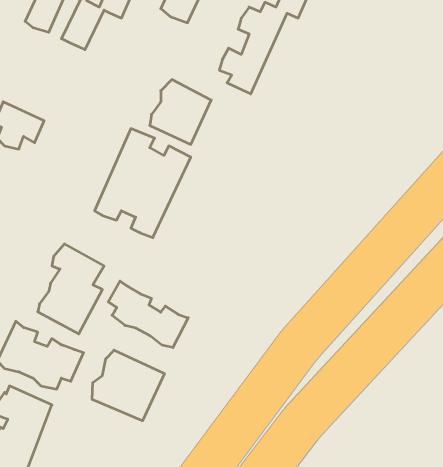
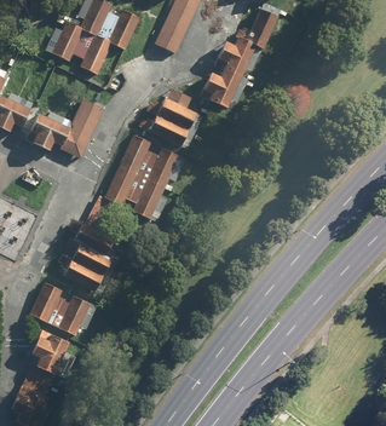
building: none -> [61,97,105,156]
building: [108,281,188,348] -> none
building: [92,350,164,421] -> none

